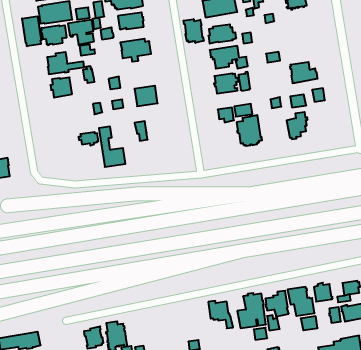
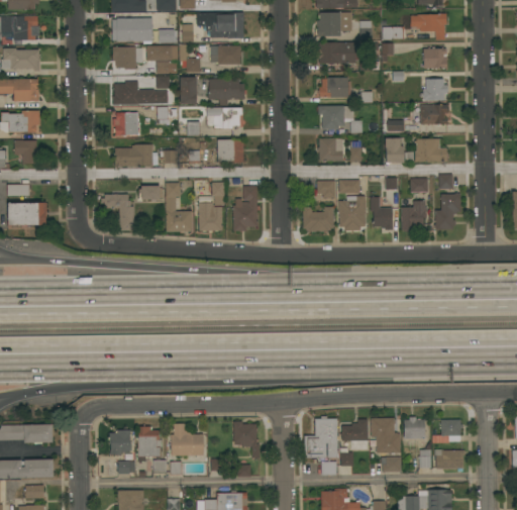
building: none -> [422,79,447,100]
building: [22,16,41,46] -> none
building: [183,19,204,43] -> none
building: none -> [420,104,447,124]
building: none -> [180,77,196,104]
building: none -> [206,107,242,129]
building: none -> [385,137,404,163]
building: none -> [115,144,158,168]
building: none -> [434,193,460,229]
building: none -> [371,197,391,229]
building: none -> [233,186,260,231]
building: none -> [303,206,334,231]
building: none -> [198,202,222,232]
building: none -> [101,194,134,230]
building: [208,301,233,328] -> [233,421,260,457]
building: none -> [171,423,203,457]

